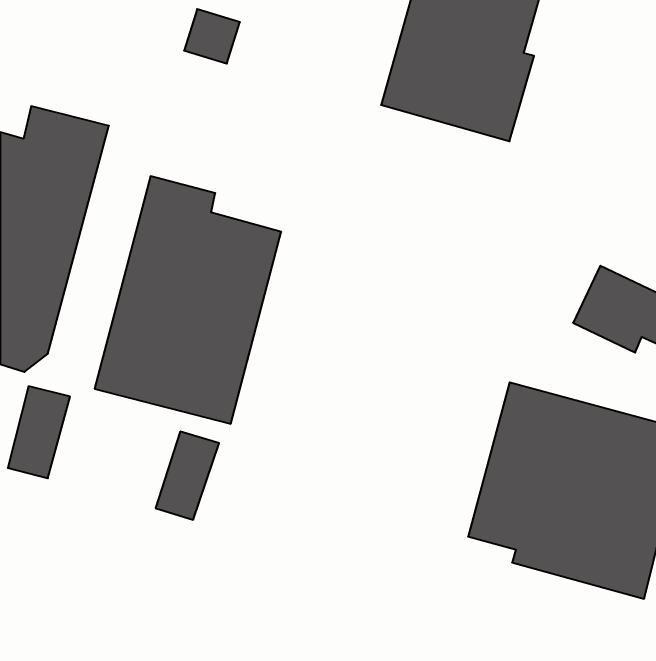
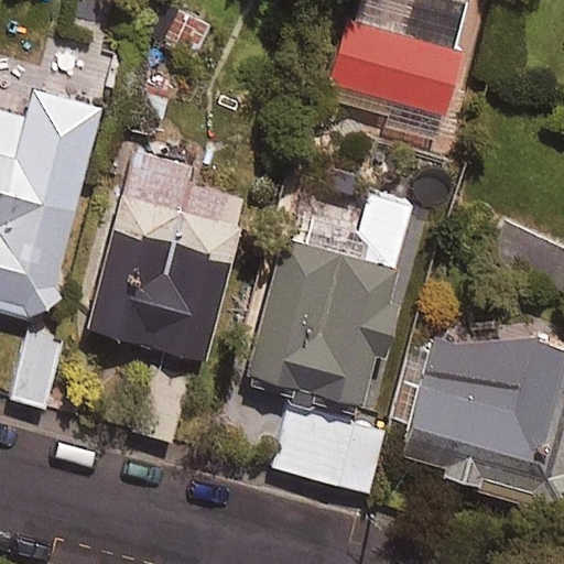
building: none -> [246,195,410,406]
building: none -> [276,406,383,490]

